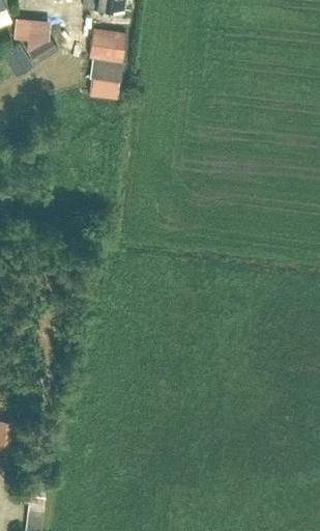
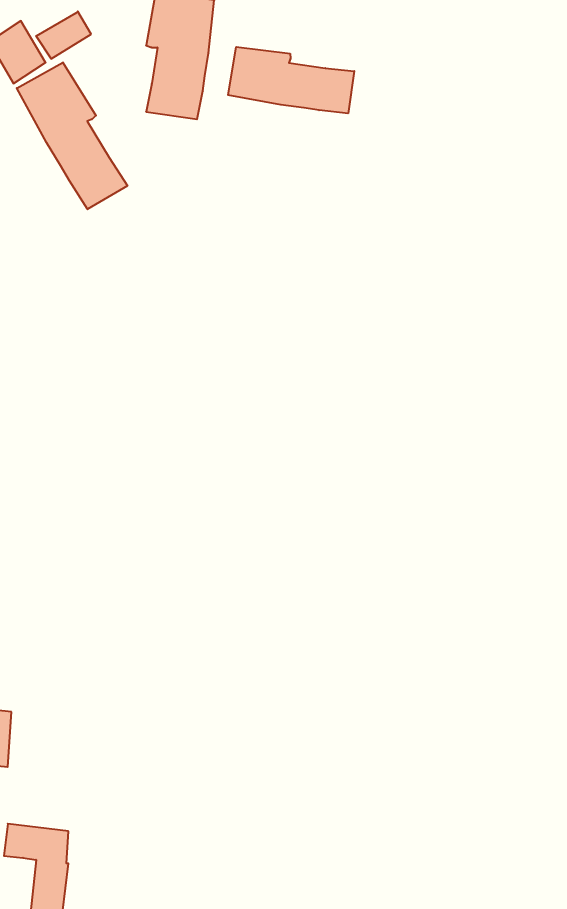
building: none -> [228,47,354,113]
building: none -> [17,62,127,209]

